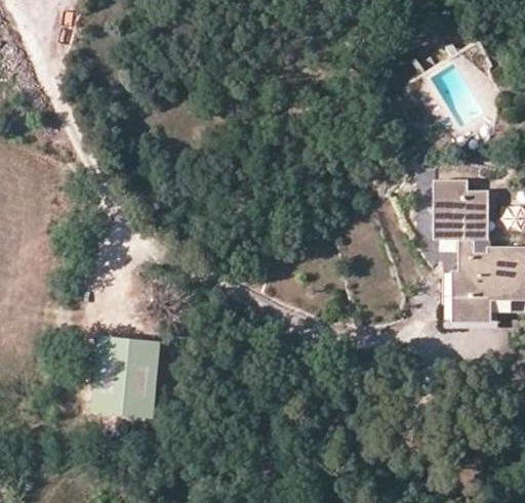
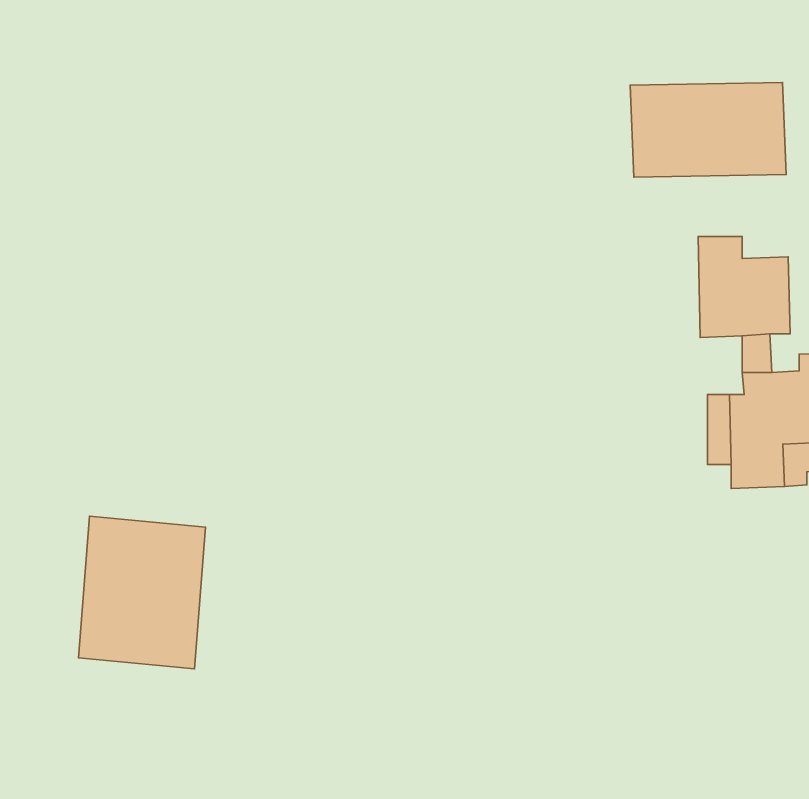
building: none -> [630,82,786,177]

